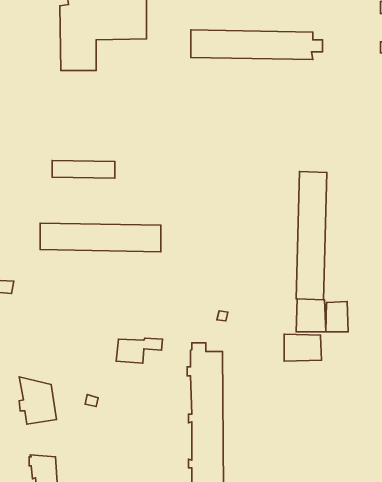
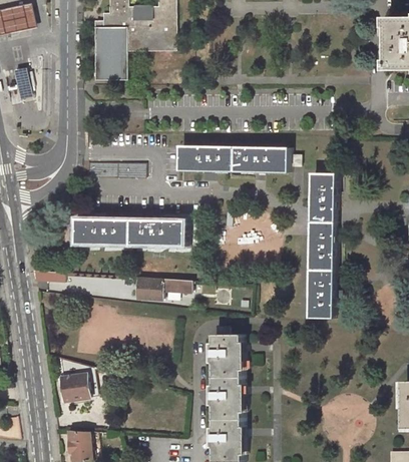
building: [191,30,323,60] -> [176,145,297,172]
building: [326,302,348,332] -> none
building: [284,334,322,361] -> none
building: [116,338,162,363] -> [134,280,176,303]

